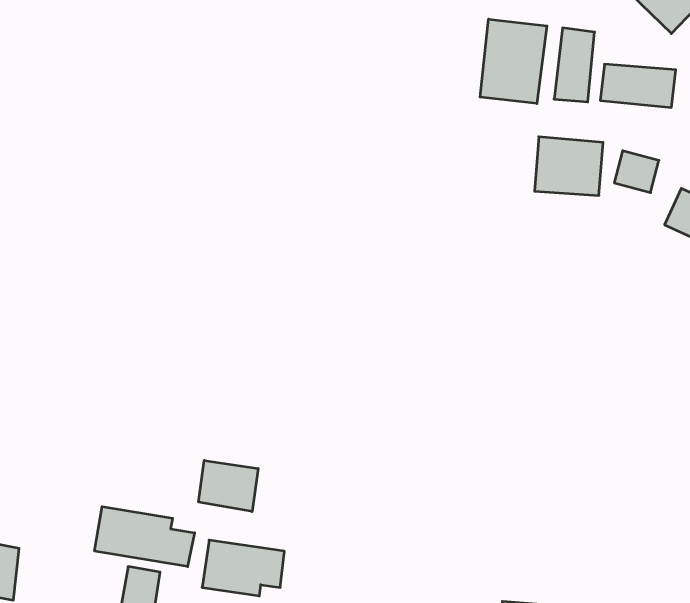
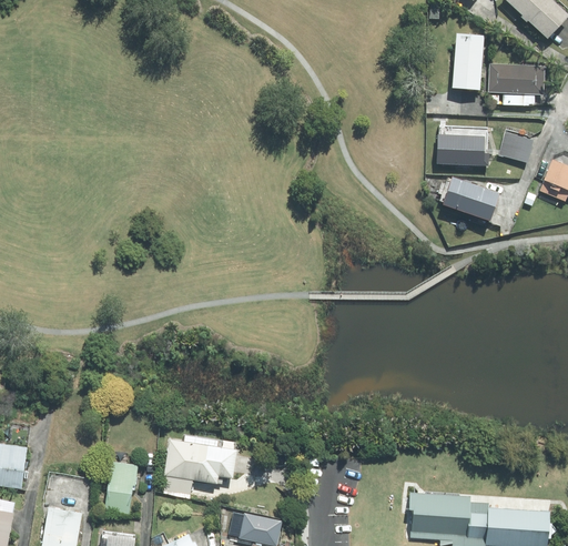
building: [480,19,547,104] -> none
building: none -> [440,174,499,222]
building: [199,460,258,512] -> none
building: [95,507,195,567] -> none

